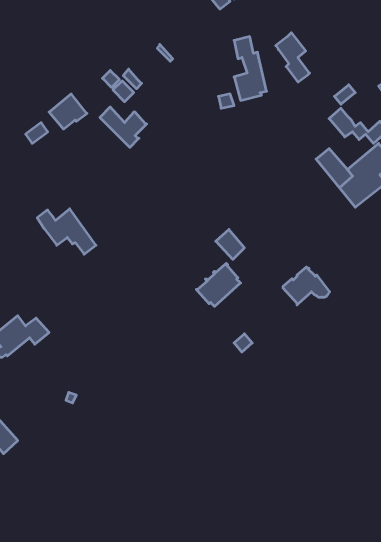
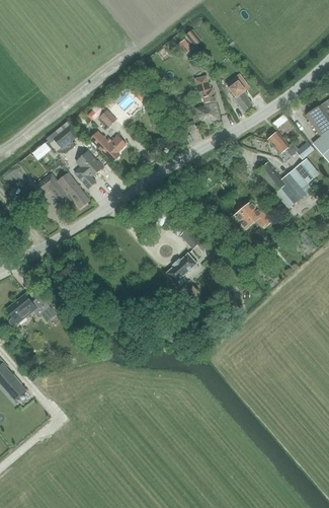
building: none -> [75,150,104,188]
building: [37,209,96,254] -> [44,171,89,207]
building: [283,267,330,305] -> [235,201,271,230]

